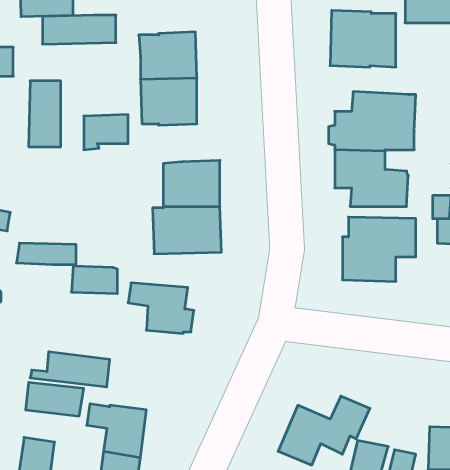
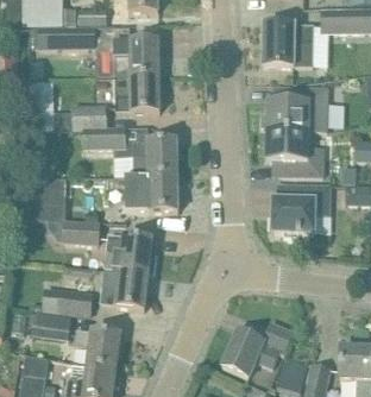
building: none -> [82,125,125,149]
building: none -> [100,271,149,309]

